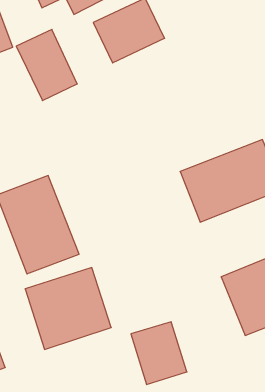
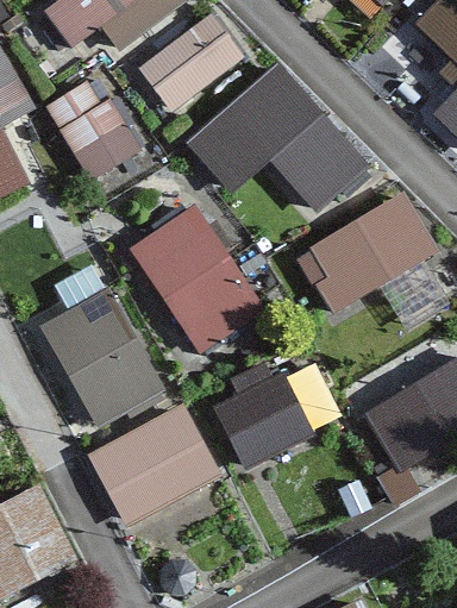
building: none -> [181,56,364,205]
building: none -> [134,208,261,355]
building: [131,322,187,385] -> [225,375,311,468]

